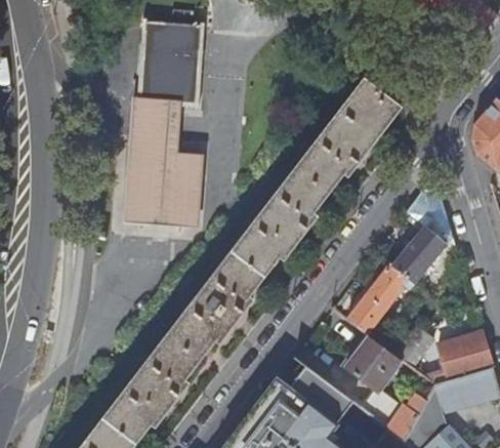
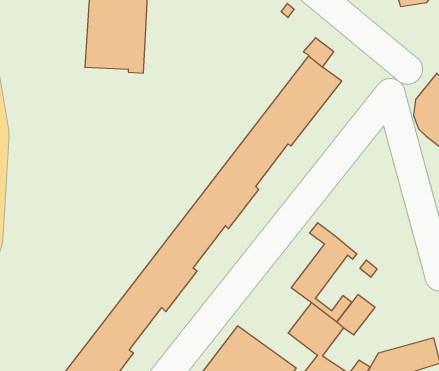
building: [124,94,204,227] -> none
building: [390,190,450,285] -> none
building: [429,332,491,385] -> none

